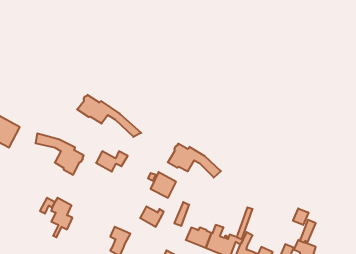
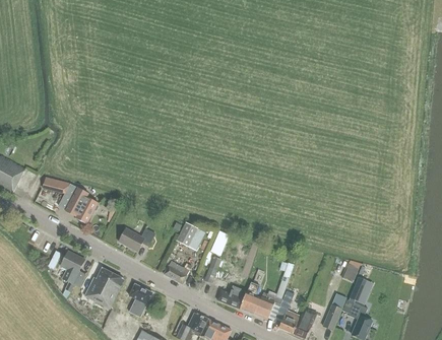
building: [77,95,141,137] -> none
building: [168,144,221,178] -> none
building: [96,151,128,172] -> [119,228,155,252]
building: none -> [84,268,124,309]

